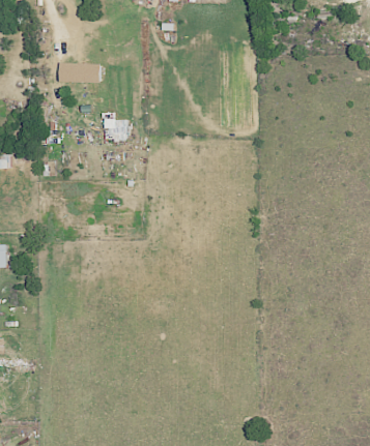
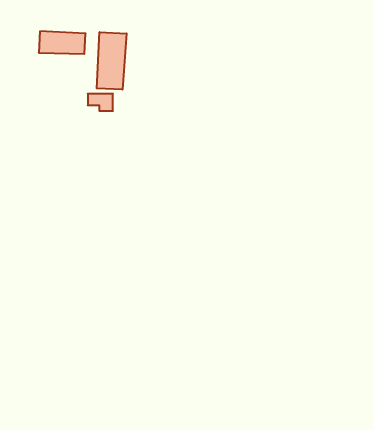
building: none -> [97,32,127,90]

